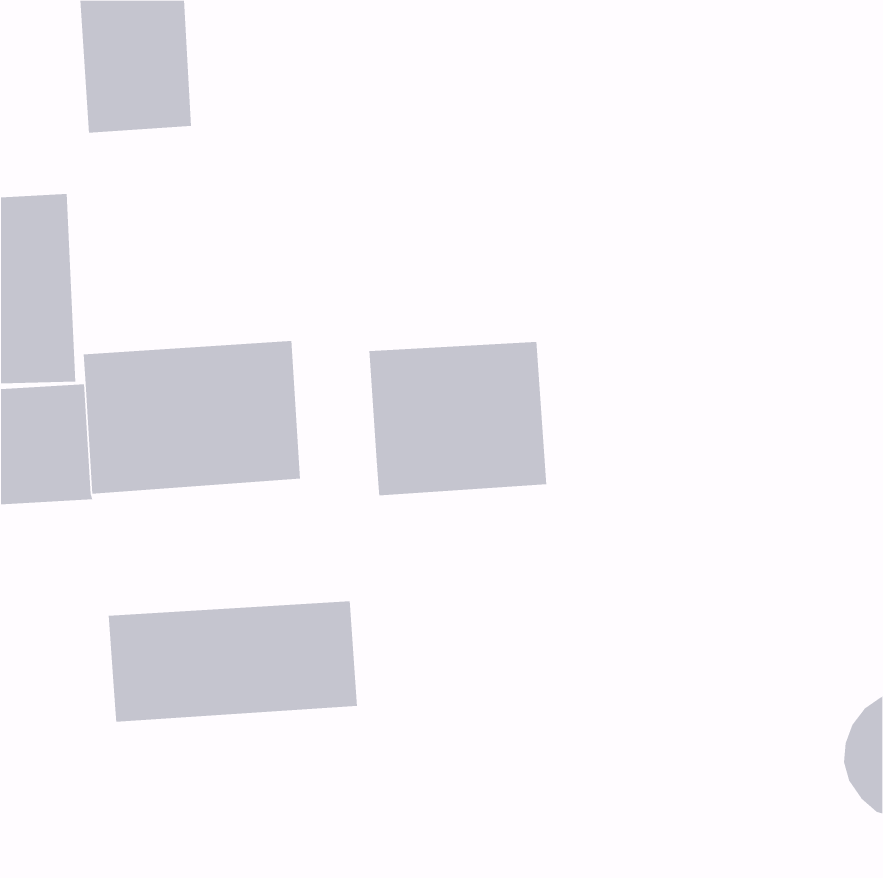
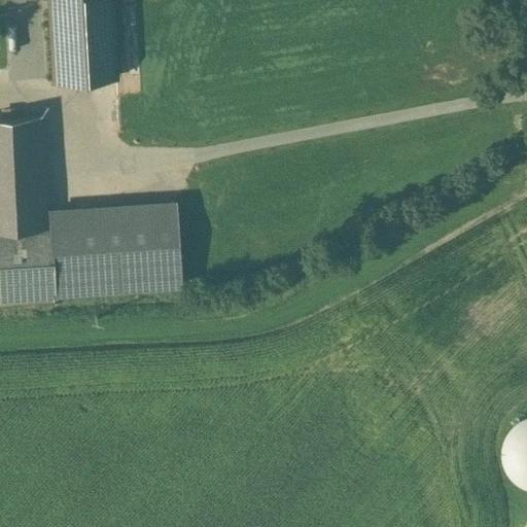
building: [369,341,547,496] -> none
building: [108,600,358,723] -> none

